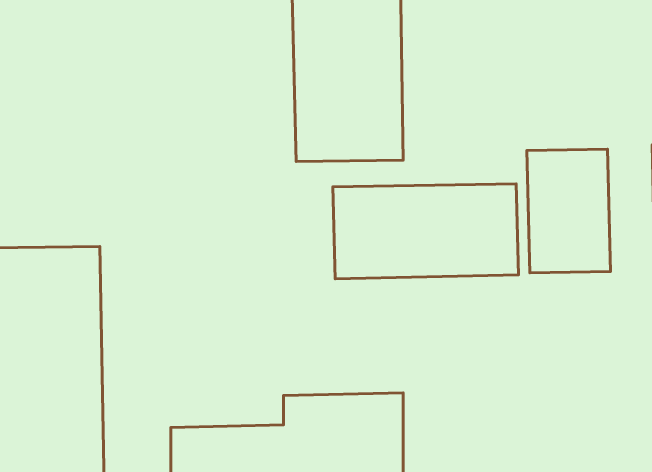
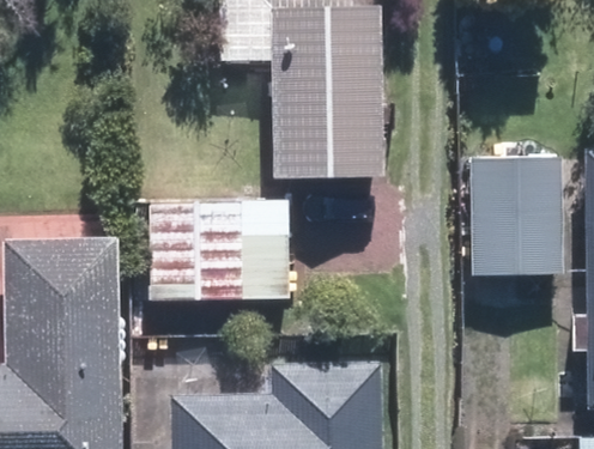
building: [333,184,518,279] -> none
building: none -> [160,212,279,290]

